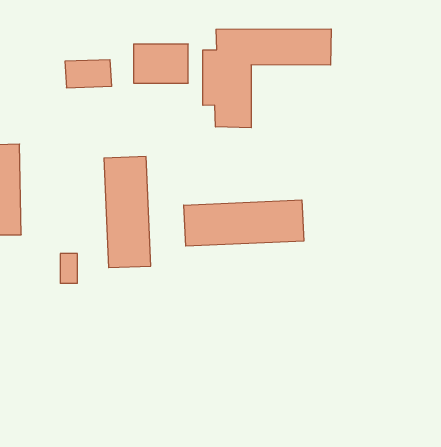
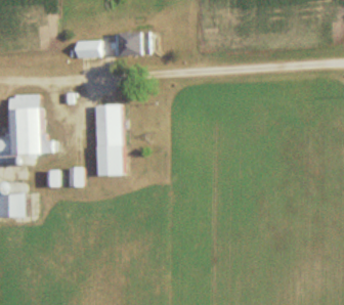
building: [203,29,331,128] -> none
building: [184,200,304,246] -> none

